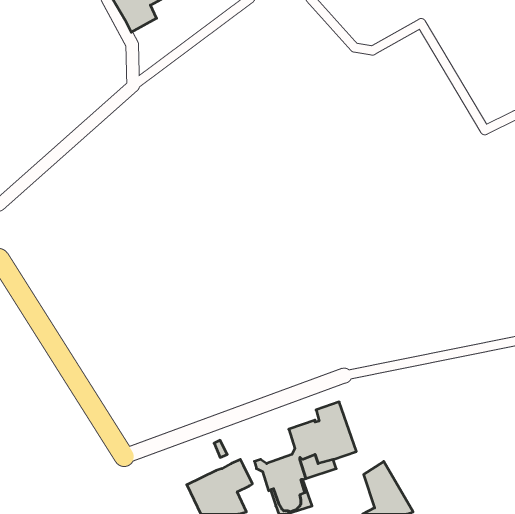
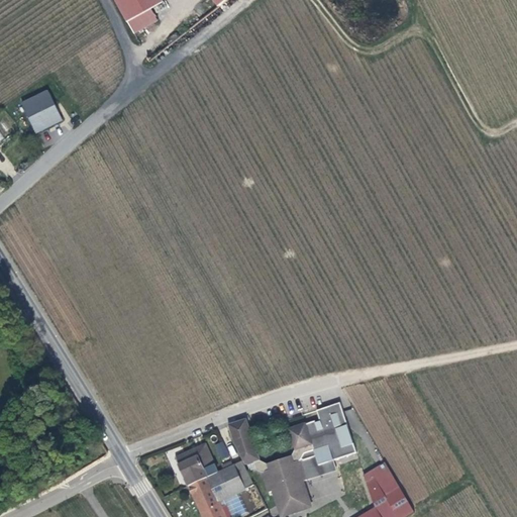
building: none -> [21,90,62,131]
building: none -> [229,419,258,464]
building: none -> [174,442,216,485]

